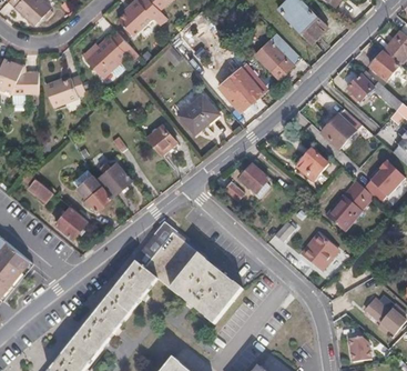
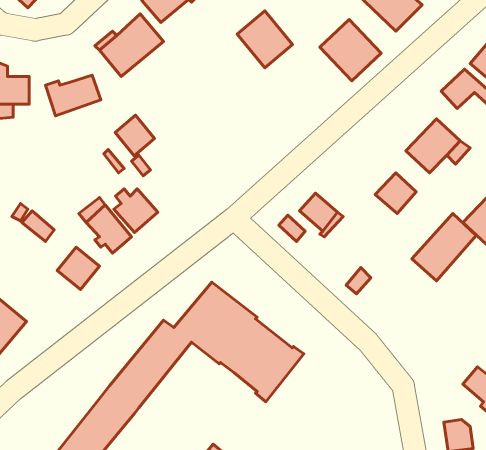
building: [218,67,261,110] -> [237,11,293,68]
building: [177,92,218,133] -> none
building: [145,123,175,154] -> [115,115,155,156]
building: [301,233,337,269] -> none

